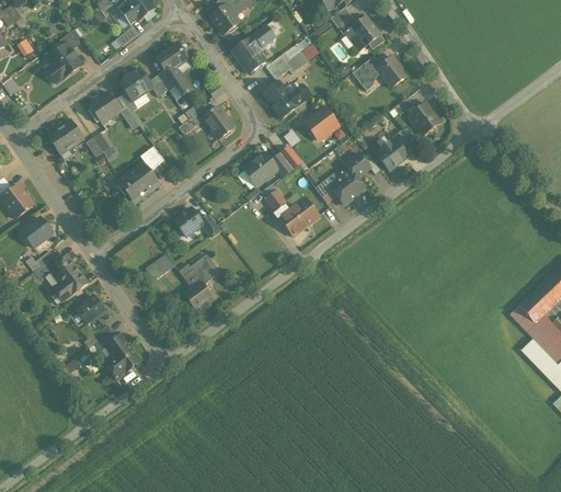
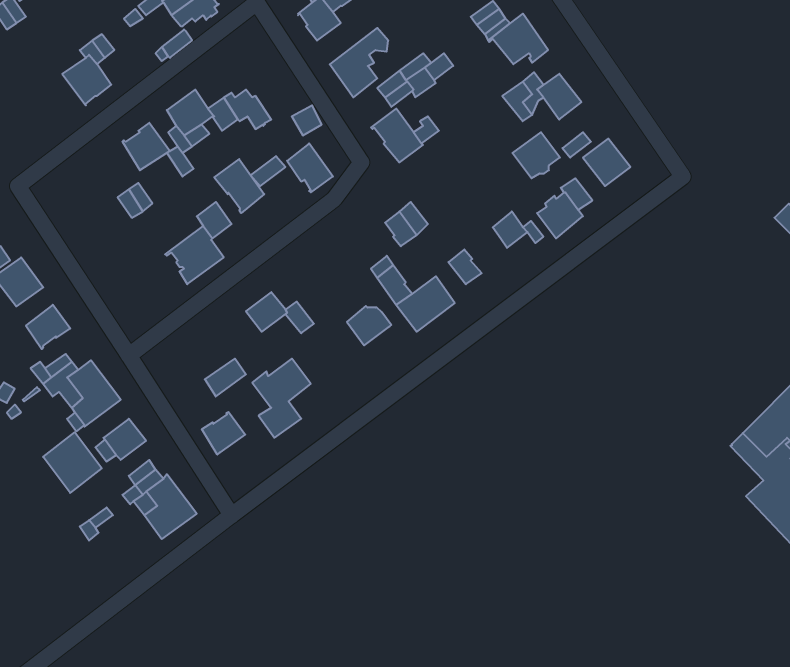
building: [157,43,188,73] -> none
building: [306,107,339,139] -> [512,132,560,178]
building: none -> [214,159,264,213]
building: [49,121,84,155] -> none
building: [248,156,278,183] -> [347,306,391,345]
building: [331,170,365,204] -> none
building: none -> [202,412,245,455]
building: none -> [43,432,102,493]

